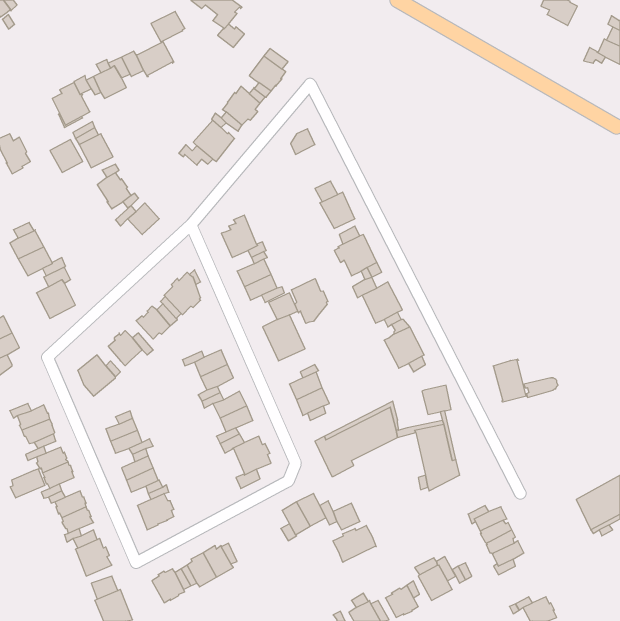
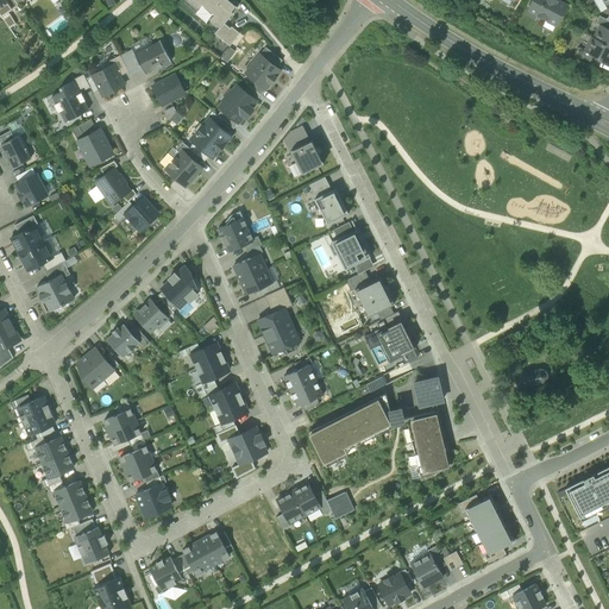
building: [151,11,185,42] -> [151,75,184,105]
building: [50,140,83,172] -> [14,174,46,206]
building: none -> [289,140,322,174]
building: none -> [165,151,200,186]
building: [291,279,328,323] -> none
building: [493,359,527,402] -> none
building: [10,469,45,498] -> none
building: [333,525,376,562] -> none

